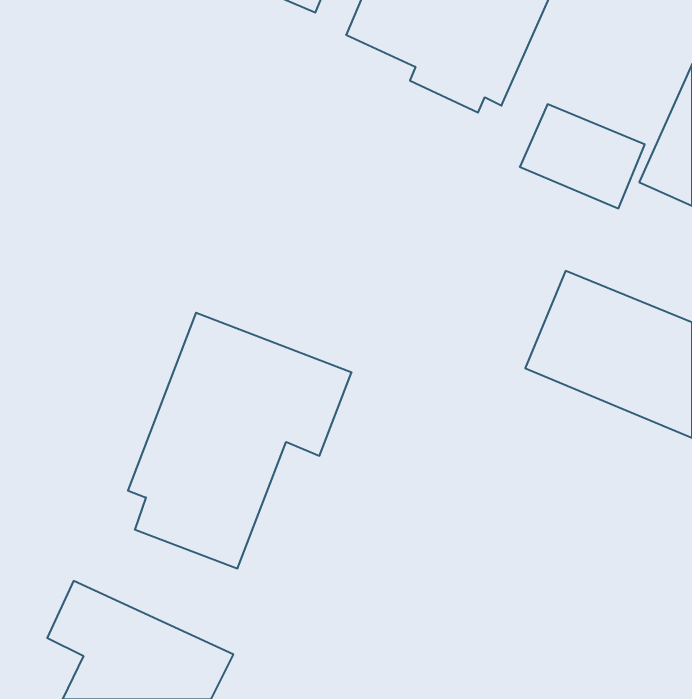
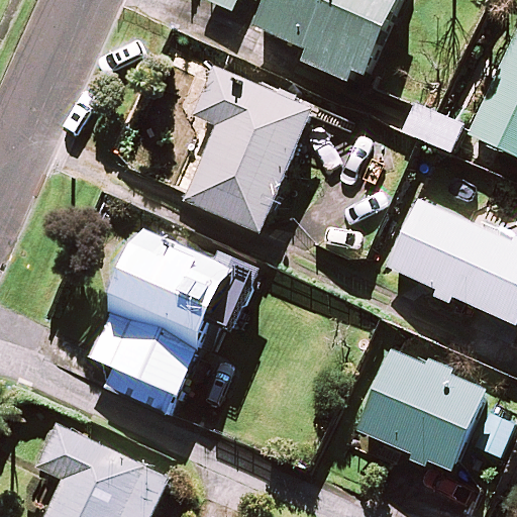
building: none -> [181,63,314,232]
building: none -> [354,342,492,472]

